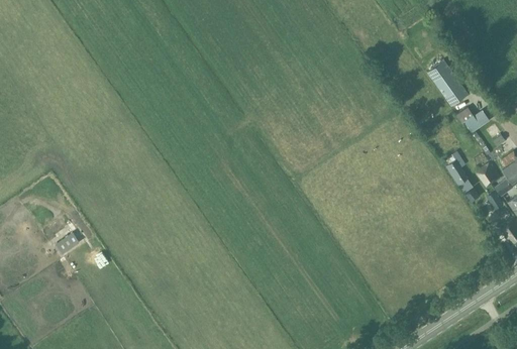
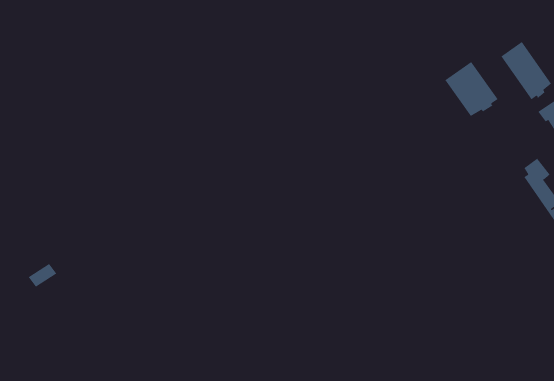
building: none -> [444,61,498,117]

